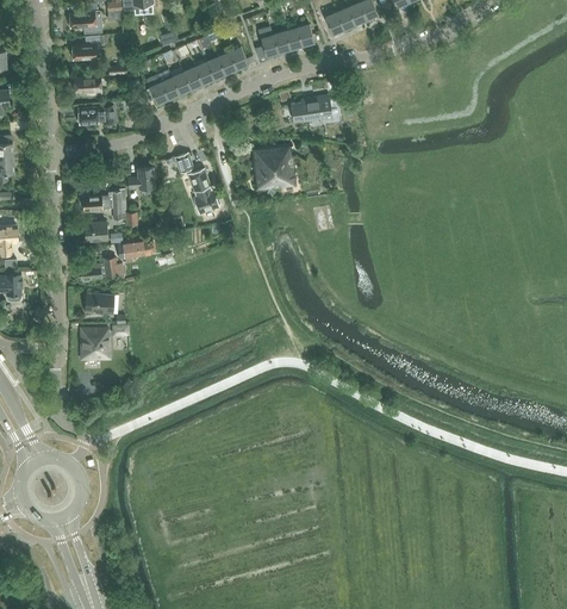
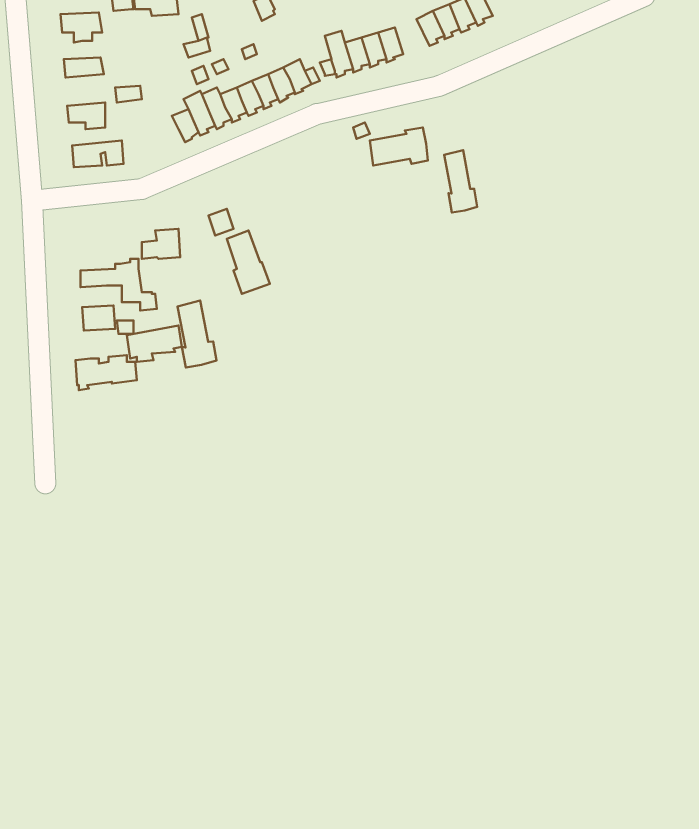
building: none -> [444,150,477,212]
building: [253,144,295,189] -> none
building: none -> [177,301,216,368]
building: [85,293,114,312] -> none
building: [81,328,110,358] -> none

